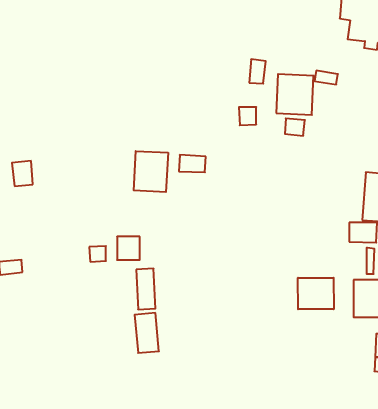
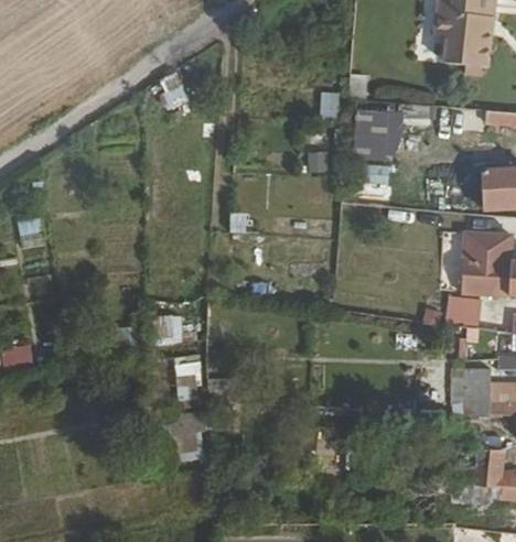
building: [134,151,168,192] -> none
building: [298,278,334,309] -> none

